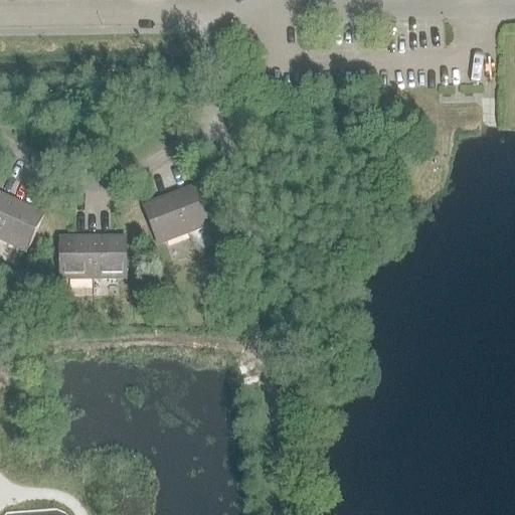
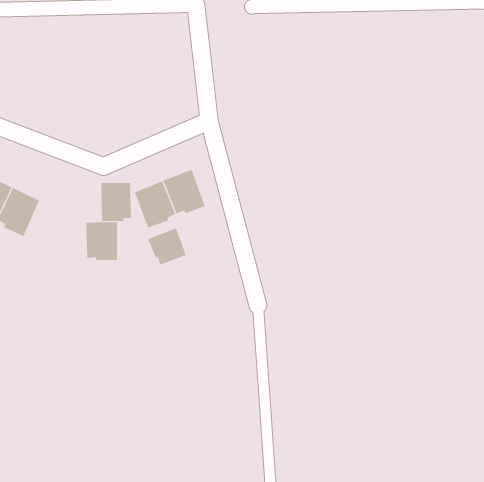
building: [58,235,92,277] -> [100,183,132,222]
building: none -> [148,228,187,265]

